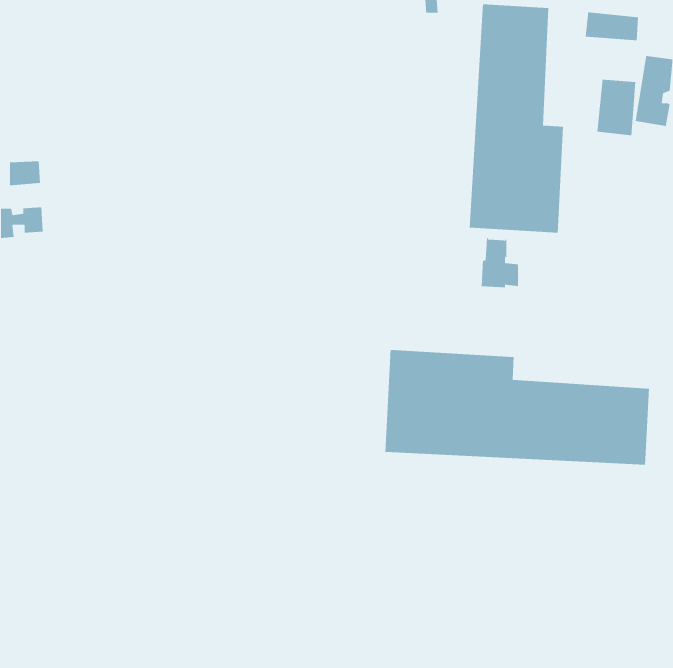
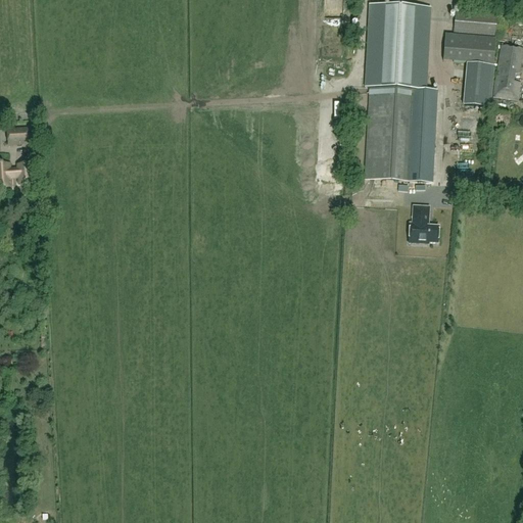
building: none -> [443,31,494,61]
building: [481,238,519,288] -> [409,203,438,242]
building: [385,349,649,465] -> none

